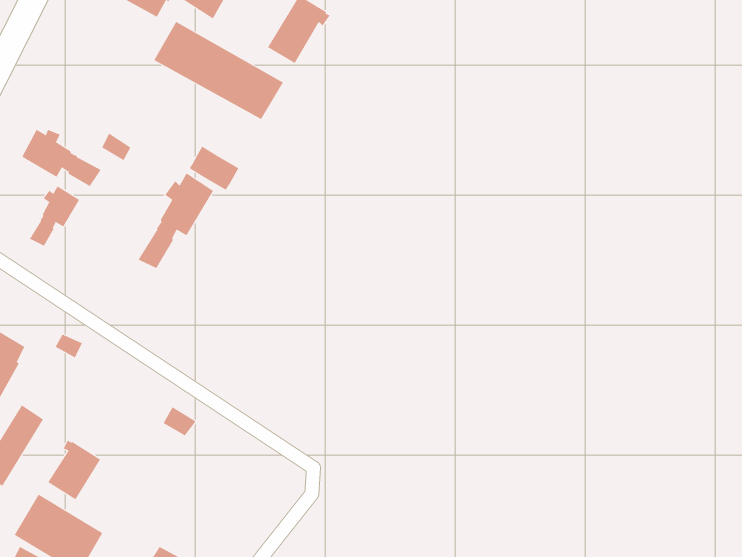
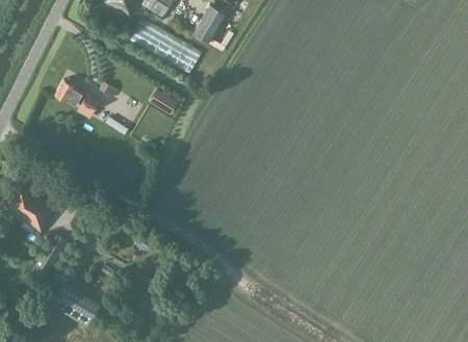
building: [138,173,214,269] -> none
building: [29,185,80,247] -> none
building: [47,439,101,500] -> none

